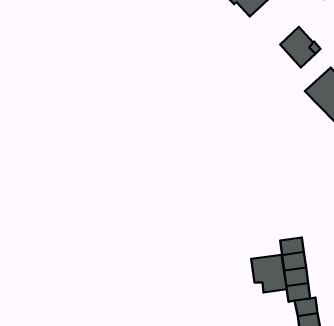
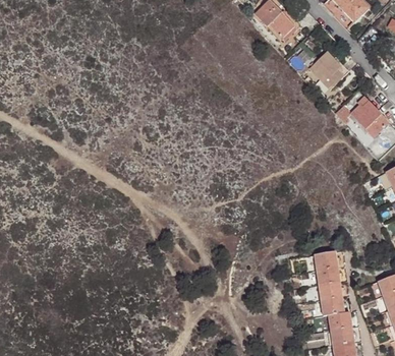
building: [251,255,287,292] -> none

